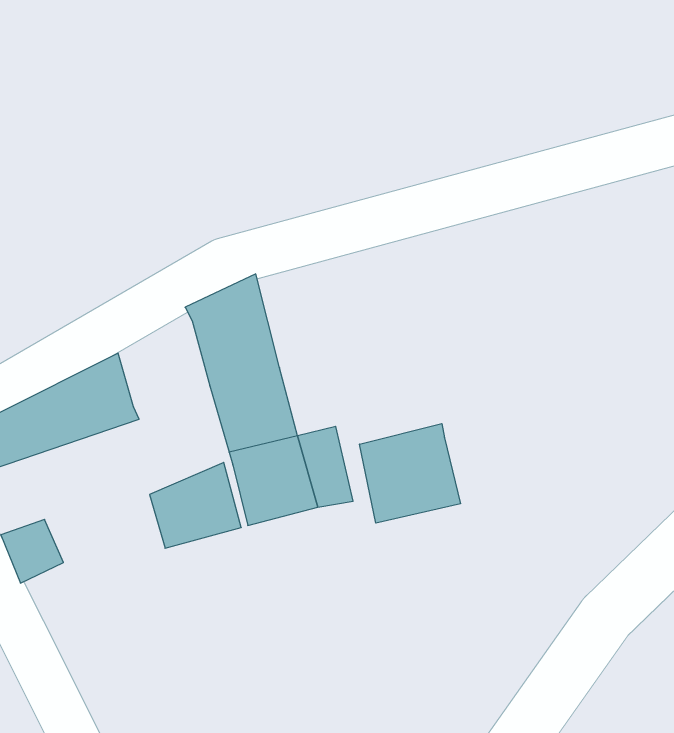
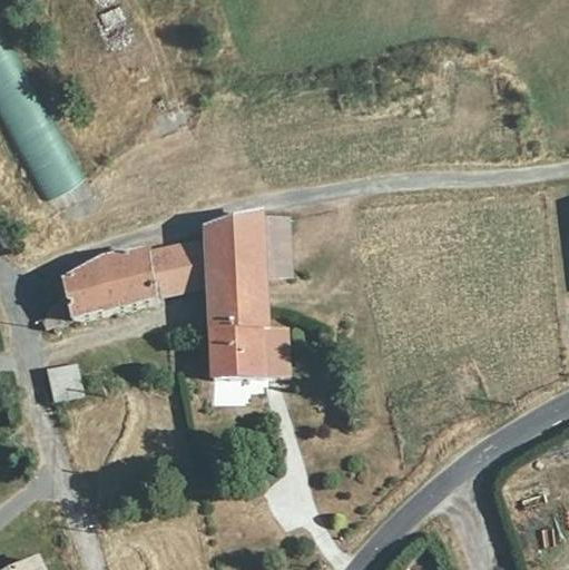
building: none -> [245,213,276,279]
building: [360,424,460,523] -> none
building: [150,462,241,548] -> [144,238,202,289]

